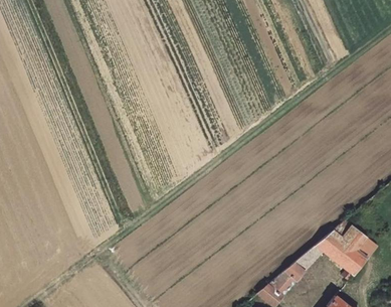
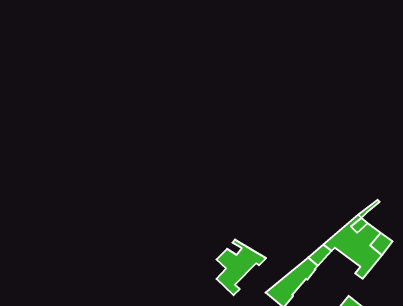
building: none -> [216,239,266,295]

